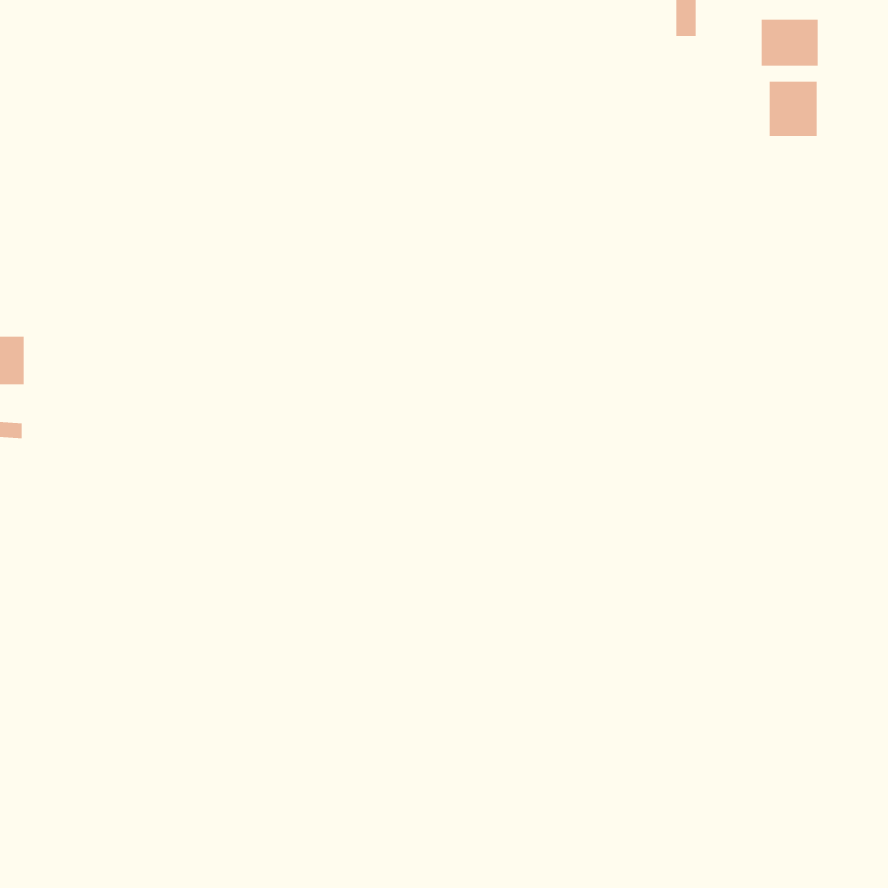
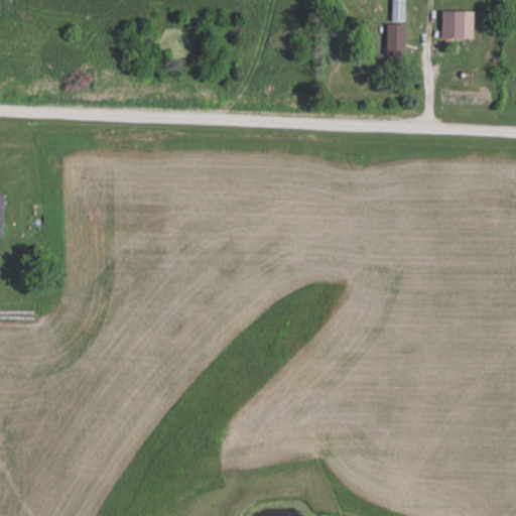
building: none -> [386,24,405,56]
building: [769,81,817,137] -> none

